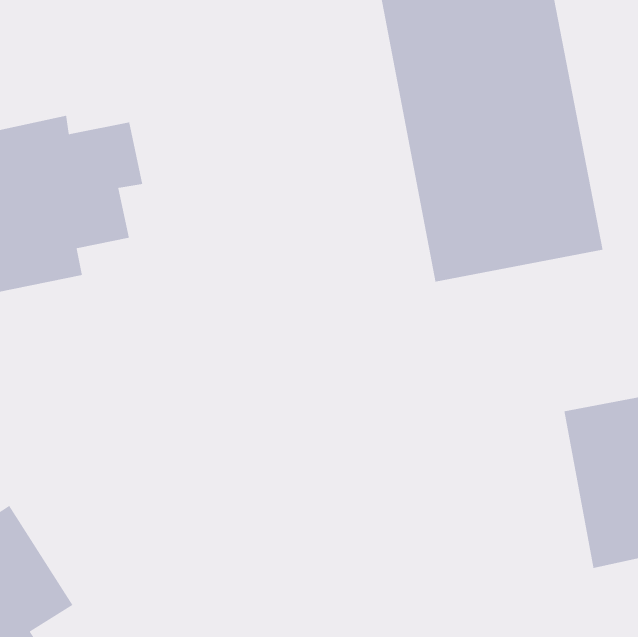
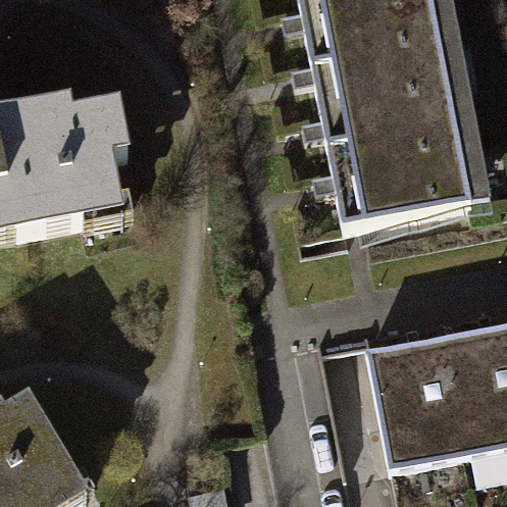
building: none -> [371,333,467,466]

